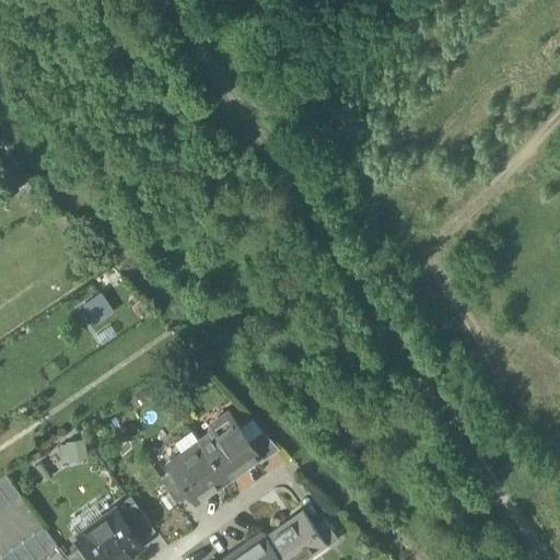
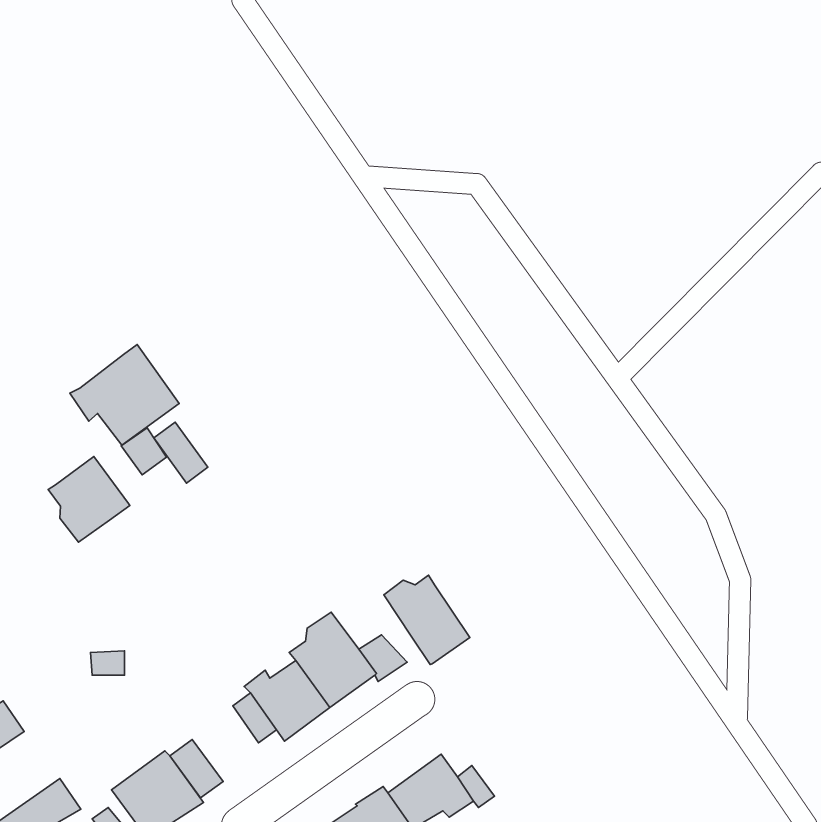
building: none -> [70,345,179,445]
building: none -> [154,422,208,483]
building: none -> [48,456,130,542]
building: none -> [384,575,470,665]

